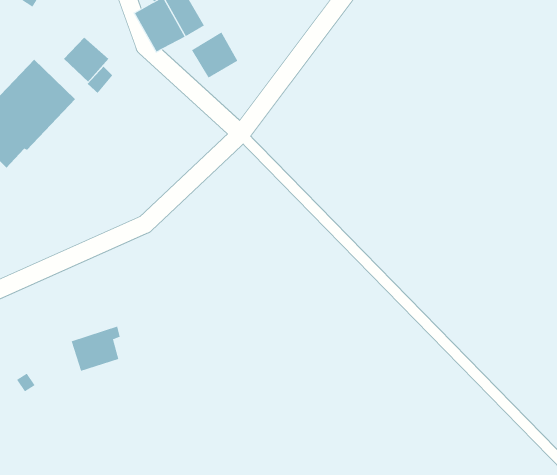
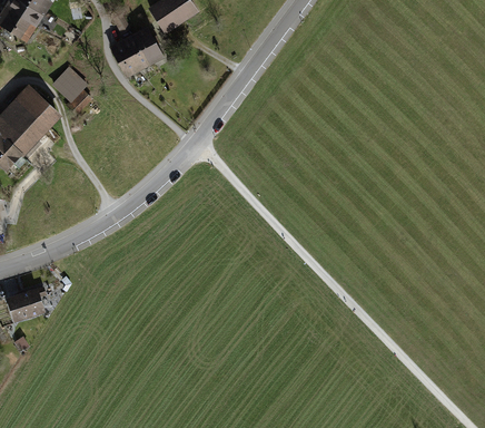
building: [191,31,238,78] -> none
building: [71,326,121,372] -> [6,285,46,322]

